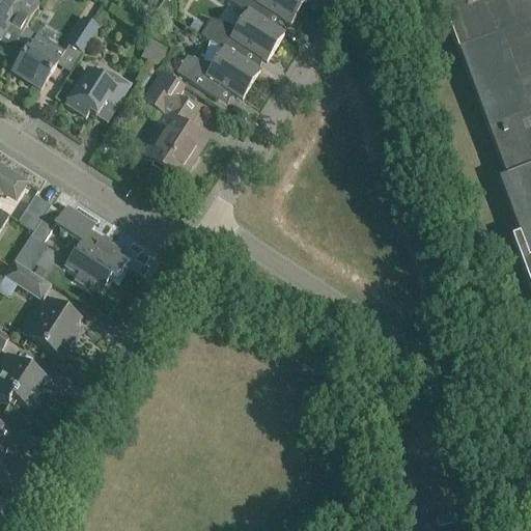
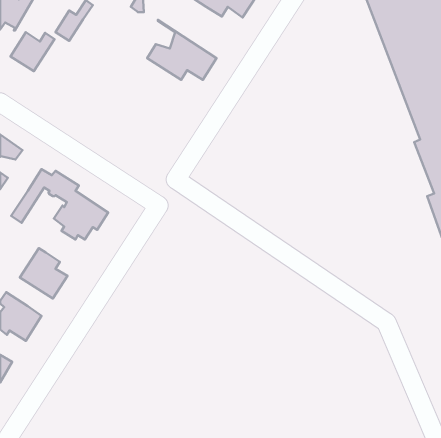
building: [191,8,285,69] -> none
building: [66,65,134,114] -> none
building: [144,68,207,173] -> none
building: [20,192,52,228] -> none
building: [6,258,54,298] -> none

